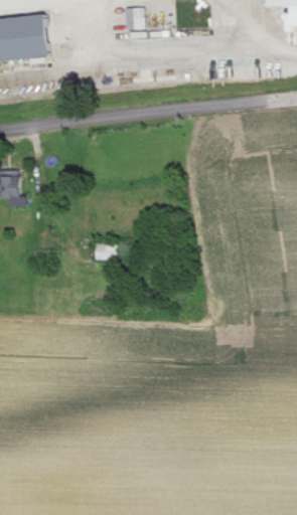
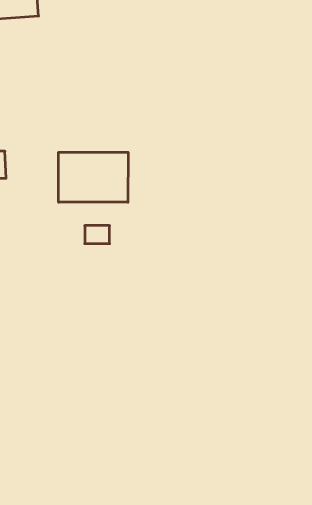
building: none -> [59,152,128,202]

